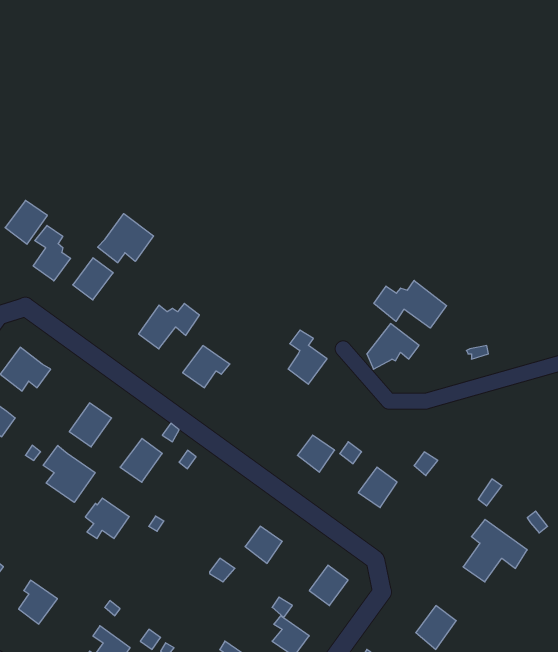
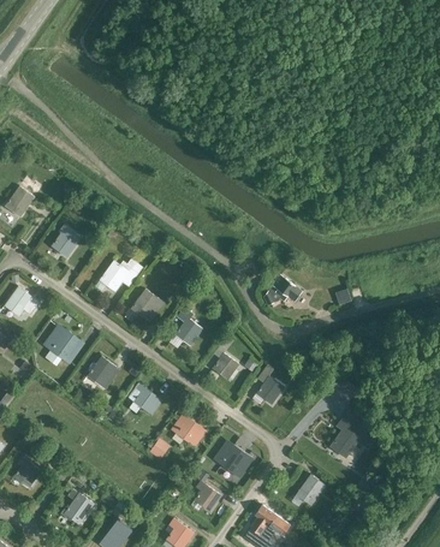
building: [98,214,154,263] -> none
building: [33,225,71,281] -> none
building: [374,280,447,328] -> none
building: [288,330,327,384] -> [176,307,203,345]
building: [43,445,95,502] -> none
building: [85,498,129,539] -> [127,384,159,412]

